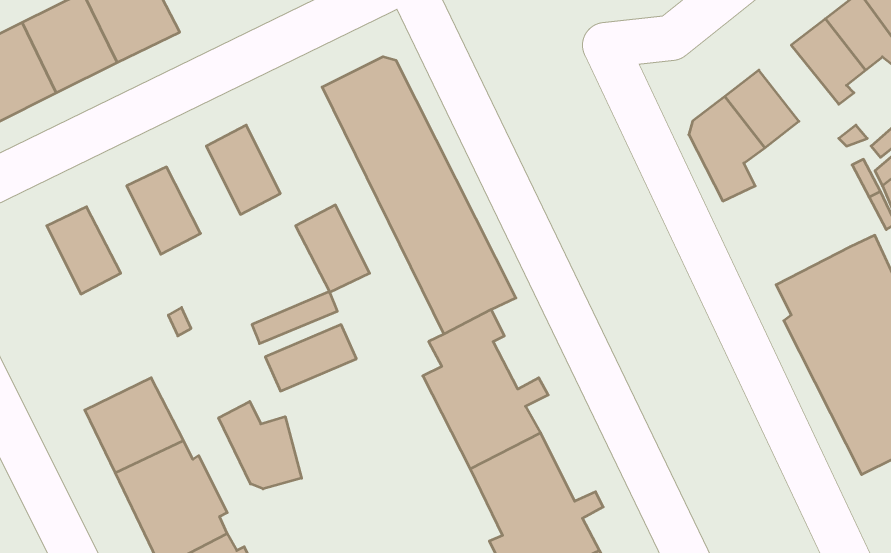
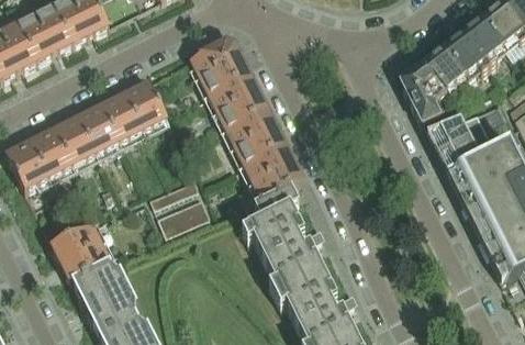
building: none -> [443,34,489,78]
building: none -> [432,112,495,172]
building: none -> [54,115,97,166]
building: [296,205,370,292] -> [100,92,143,143]
building: none -> [9,138,51,191]
building: [219,401,302,489] -> none

